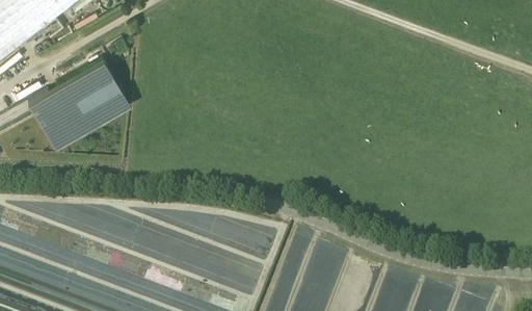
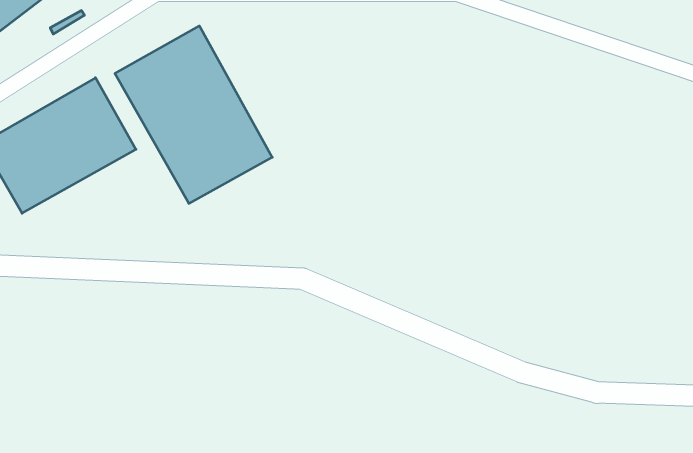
building: none -> [115,26,272,203]

